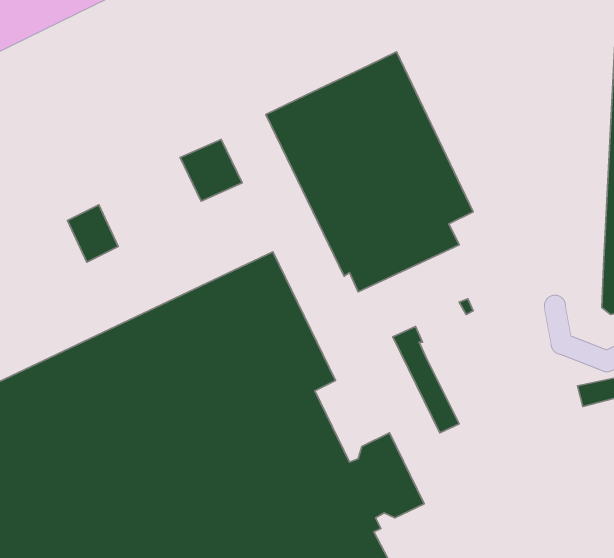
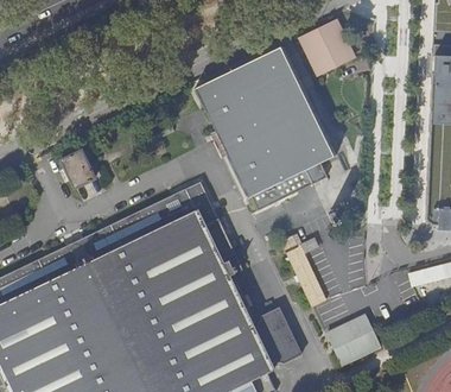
building: none -> [303,23,352,72]
building: [180,139,242,201] -> none
building: none -> [325,314,381,363]

